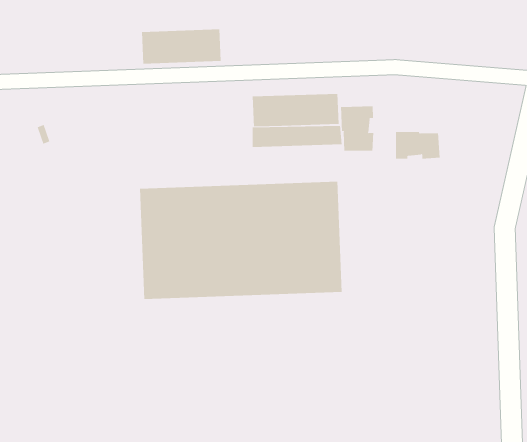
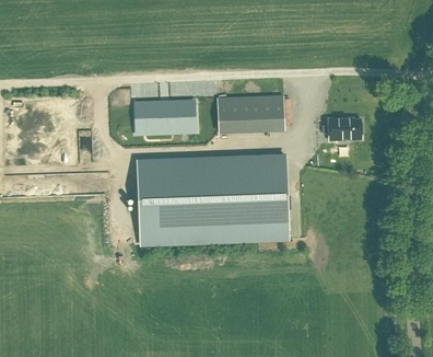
building: [141,29,221,64] -> [128,105,188,131]
building: [341,105,374,152] -> none

